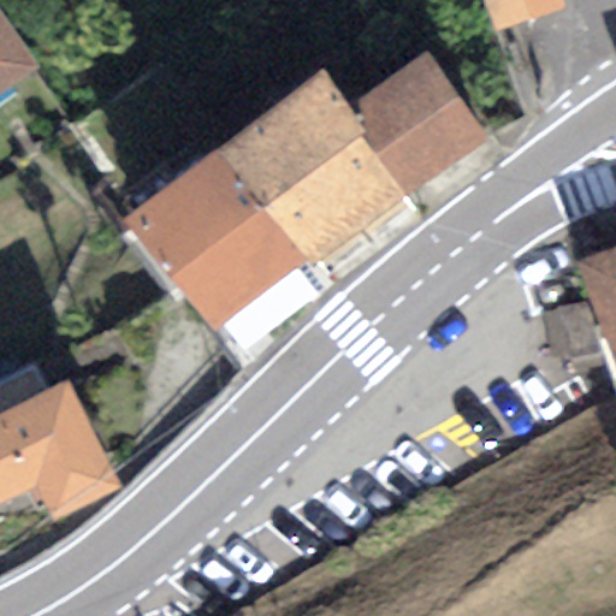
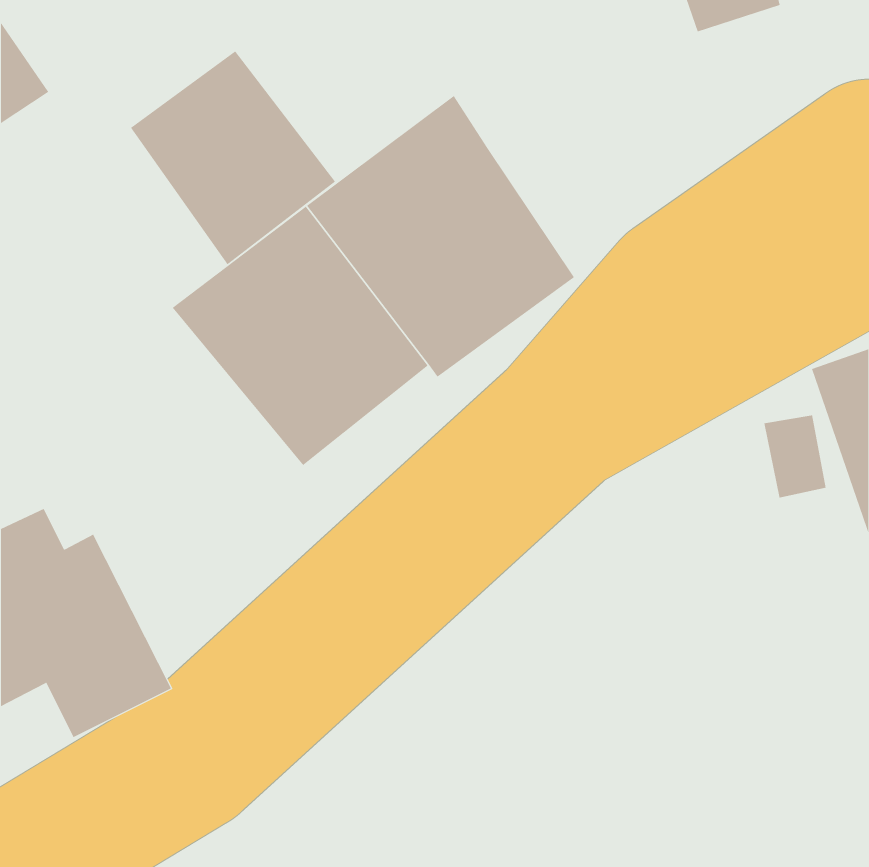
building: none -> [130,50,336,265]
building: [345,51,490,196] -> none

